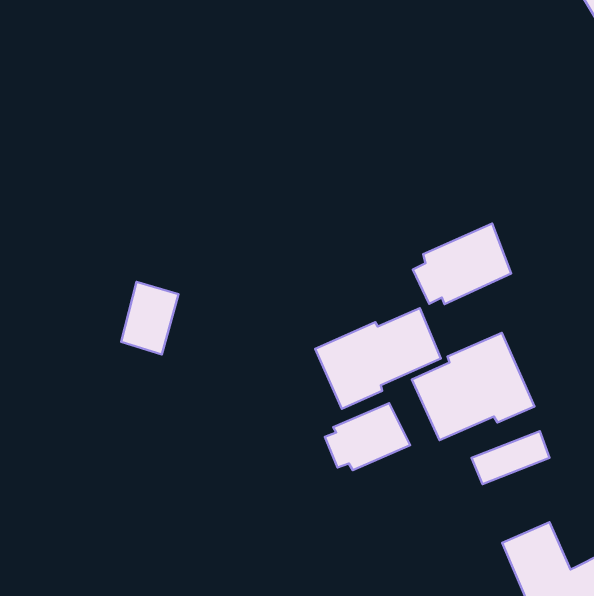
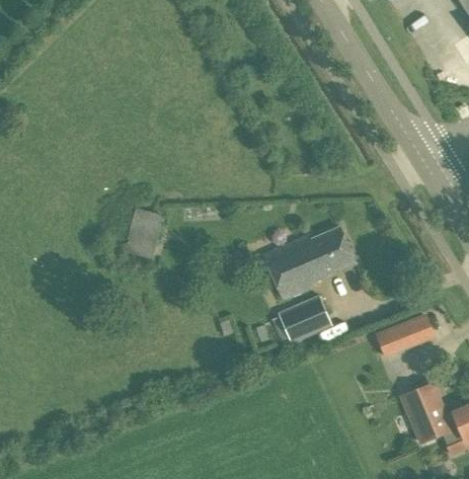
building: [413,224,511,304] -> none
building: [412,333,534,440] -> none

